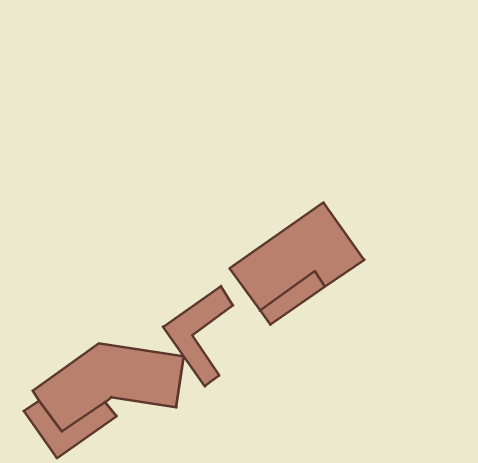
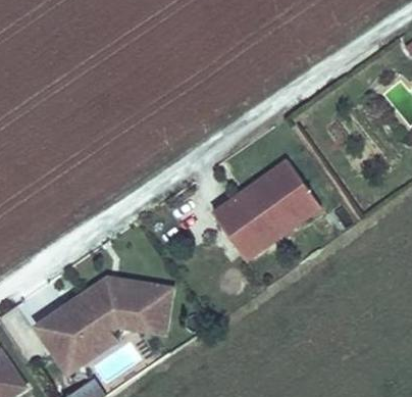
building: [163,286,233,386] -> none

